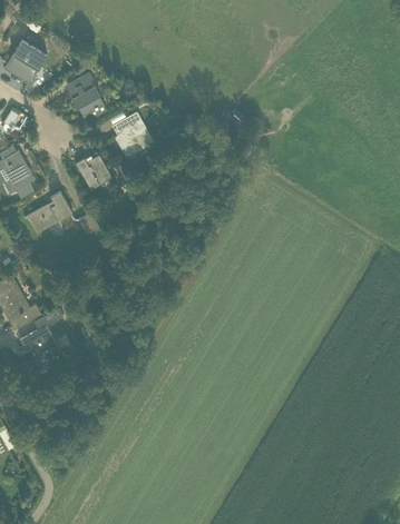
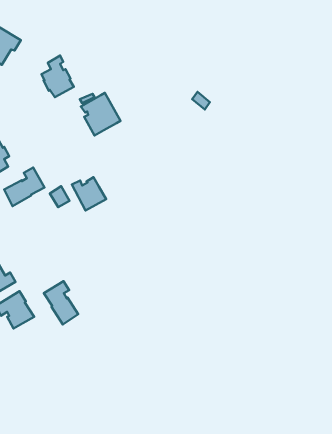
building: [76,155,113,190] -> [72,177,106,210]
building: none -> [44,281,78,325]

